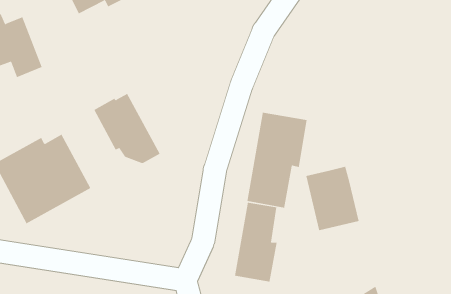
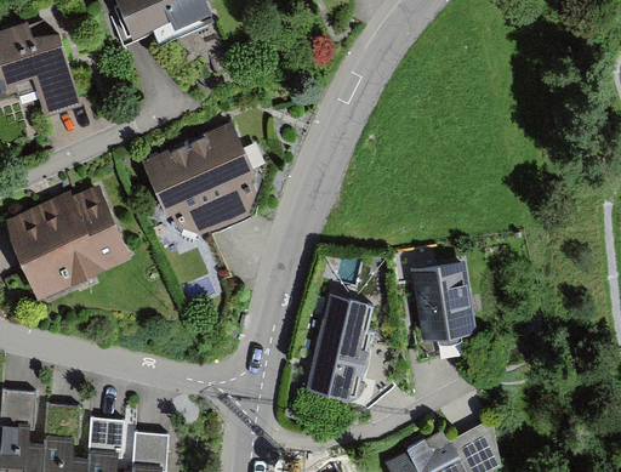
building: none -> [187,119,256,224]
building: [247,112,307,208] -> none

